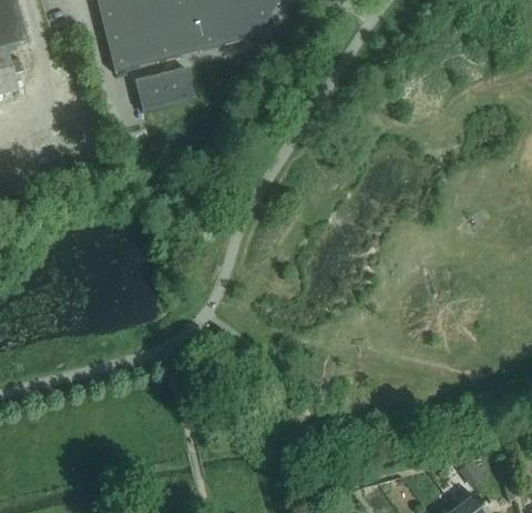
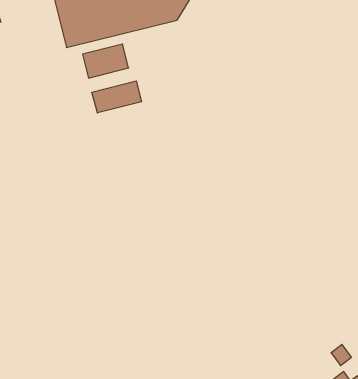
building: none -> [92,81,142,113]

